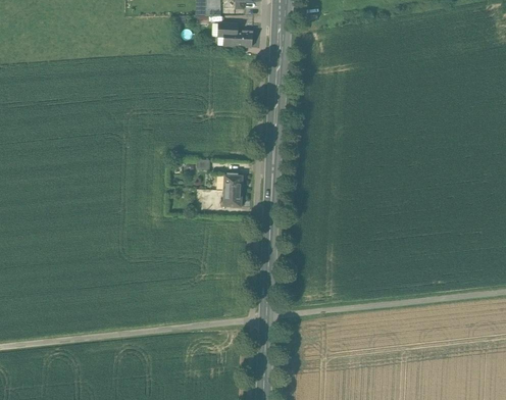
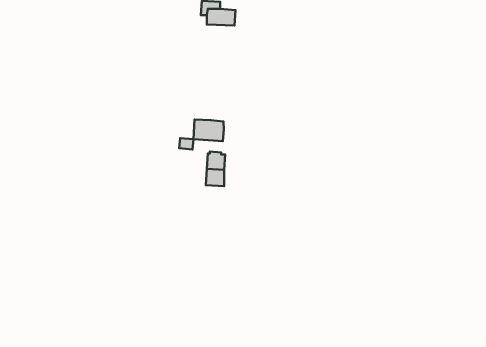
building: none -> [194,120,224,141]

